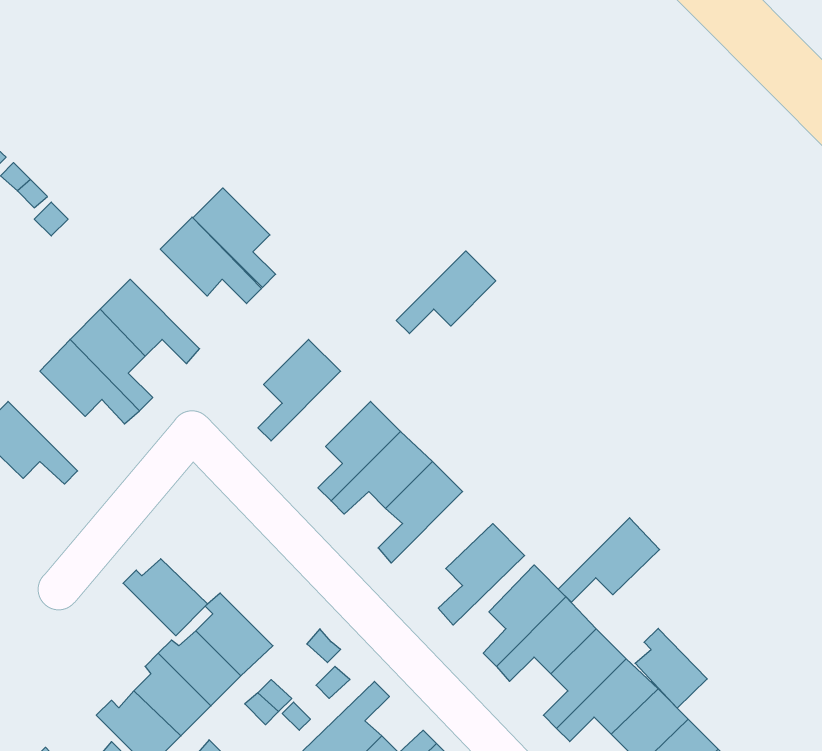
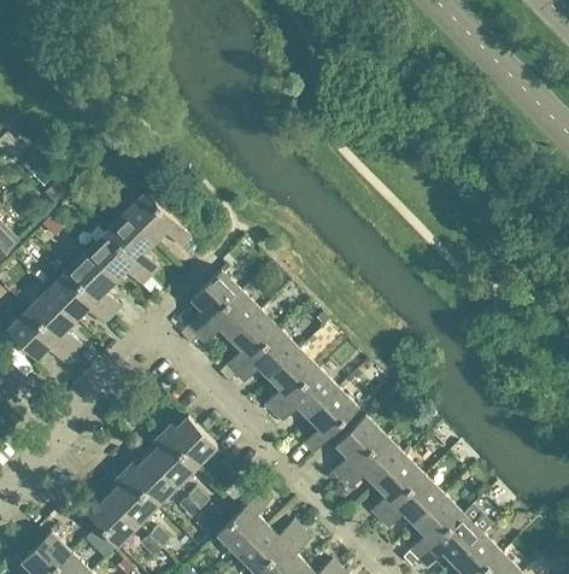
building: [193,188,276,287] -> [105,213,158,277]
building: [396,251,496,334] -> [195,292,259,345]
building: none -> [27,292,81,356]
building: [558,518,660,602] -> [272,369,338,423]
building: [123,559,208,636] -> [163,418,217,468]
building: [635,628,707,708] -> none

